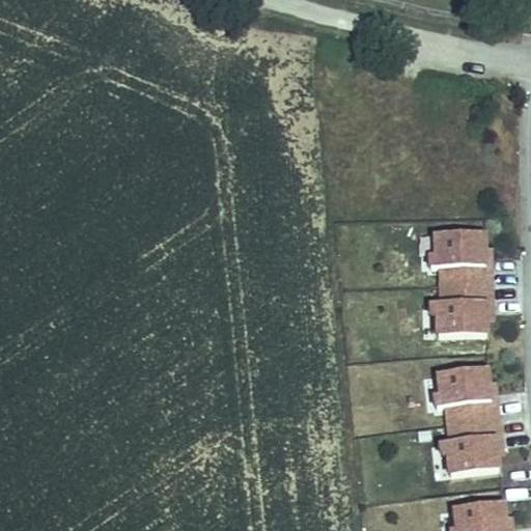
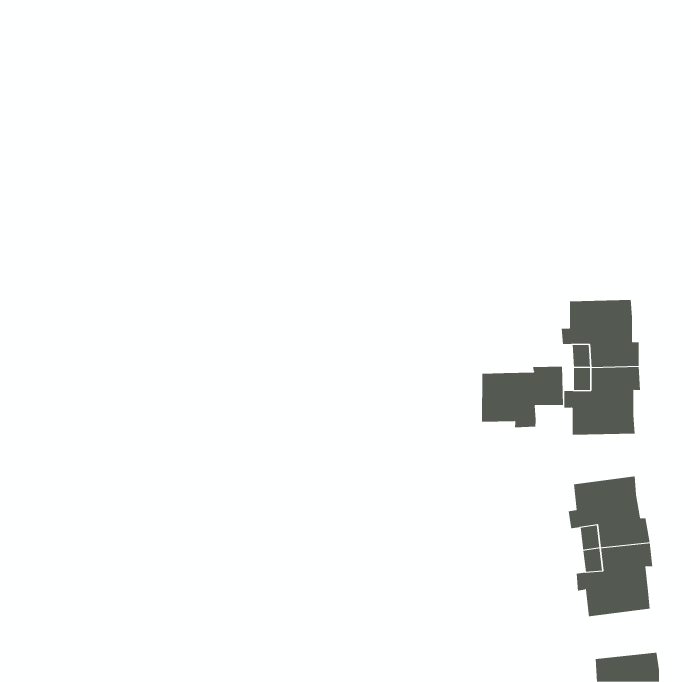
building: none -> [481,366,564,428]

